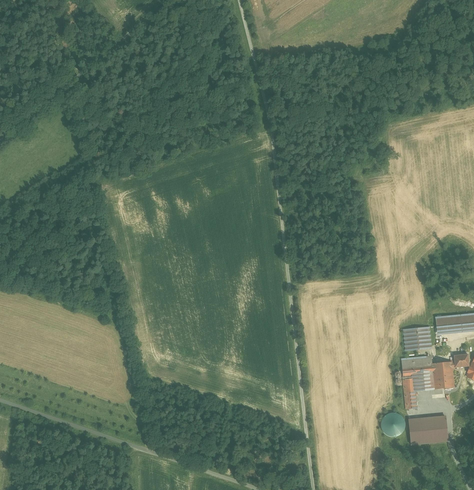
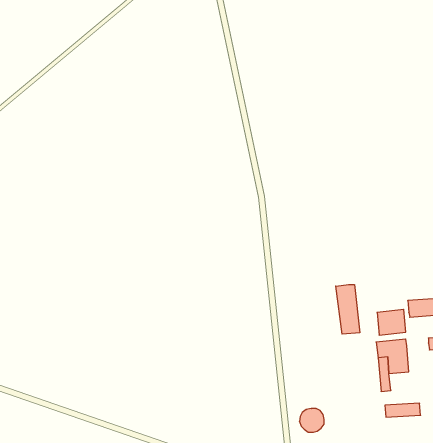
building: none -> [336,285,360,334]
building: [432,360,454,388] -> none
building: [379,412,404,436] -> [299,409,324,432]

